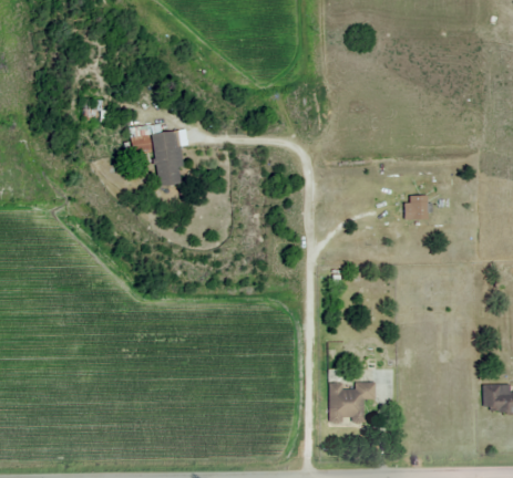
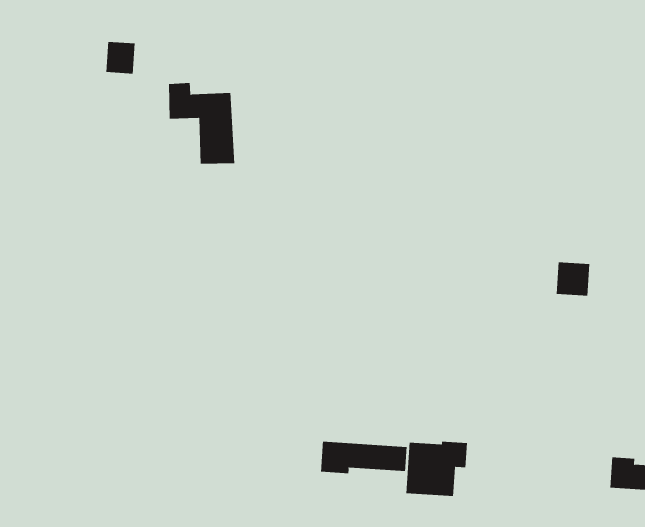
building: [408,195,432,219] -> [556,262,590,296]
building: none -> [320,441,407,474]

